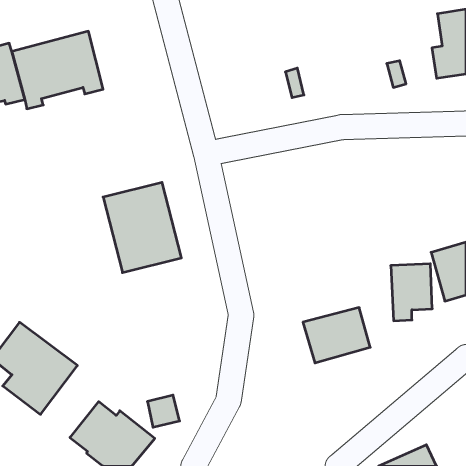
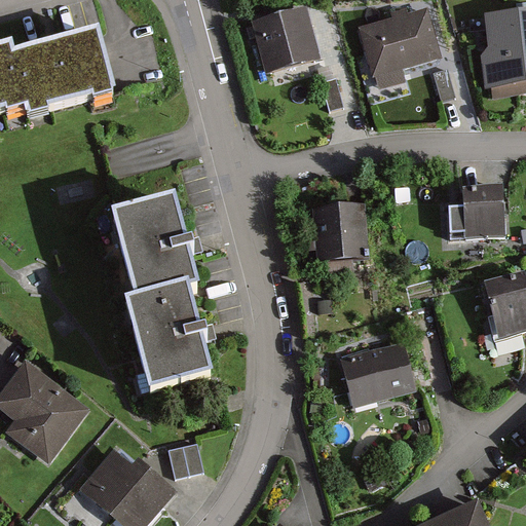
building: none -> [358,5,442,89]
building: none -> [252,8,320,72]
building: none -> [310,203,371,263]
building: none -> [126,293,213,392]
building: [391,264,432,321] -> [461,187,508,251]

